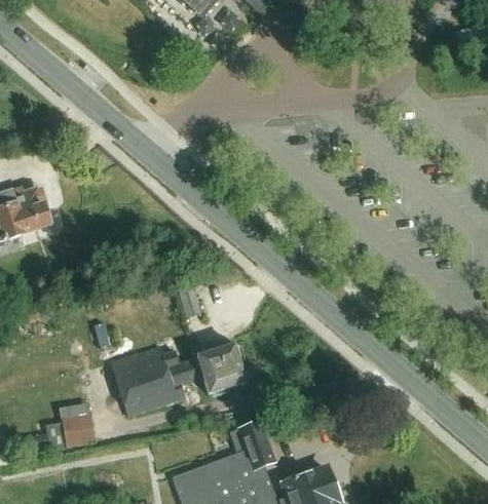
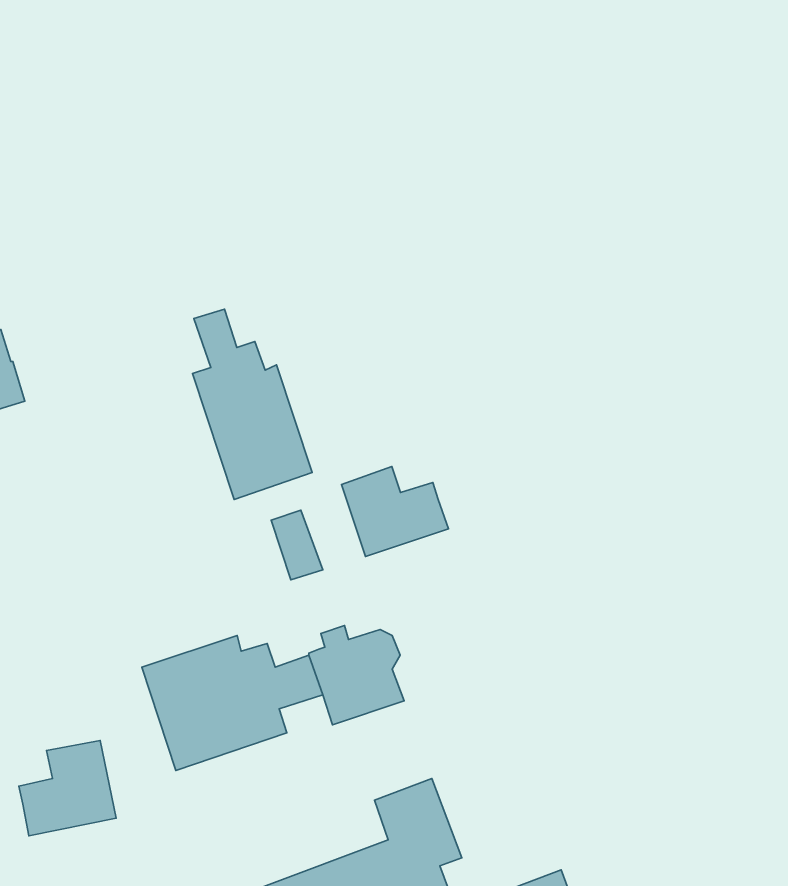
building: none -> [193,309,312,499]
building: none -> [342,466,449,556]

